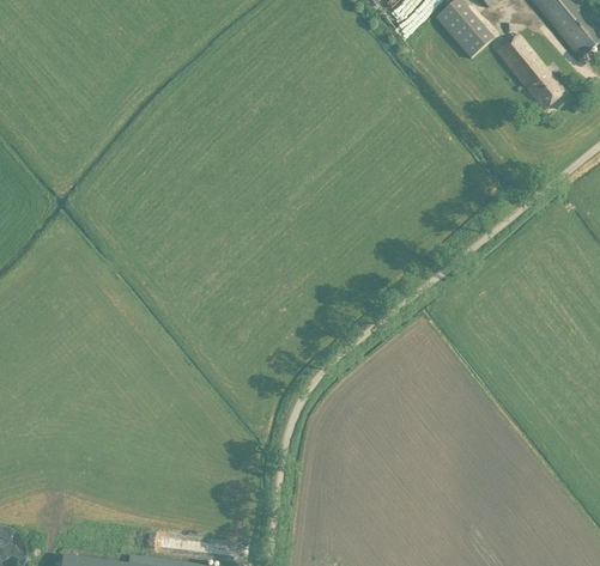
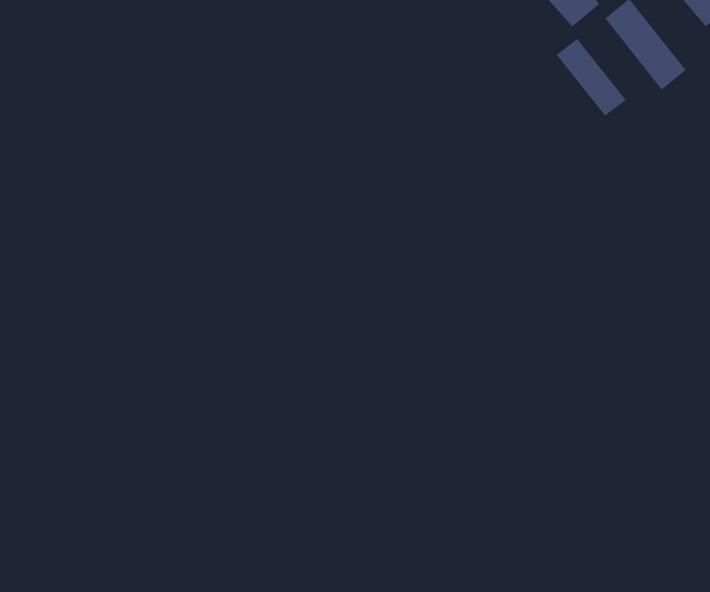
building: none -> [556,38,626,116]

